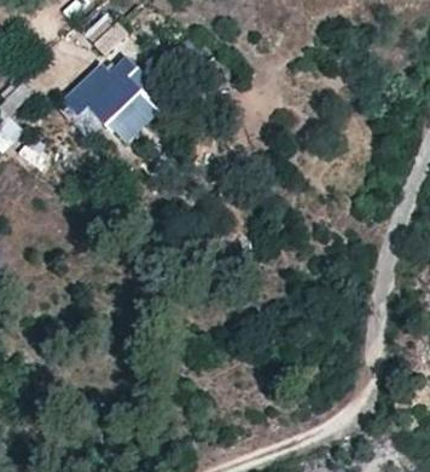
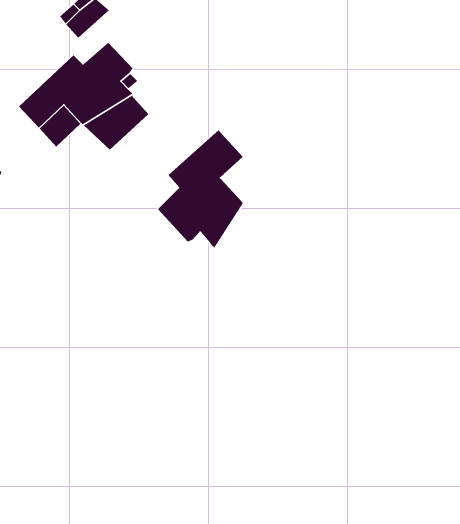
building: none -> [157,130,244,249]

